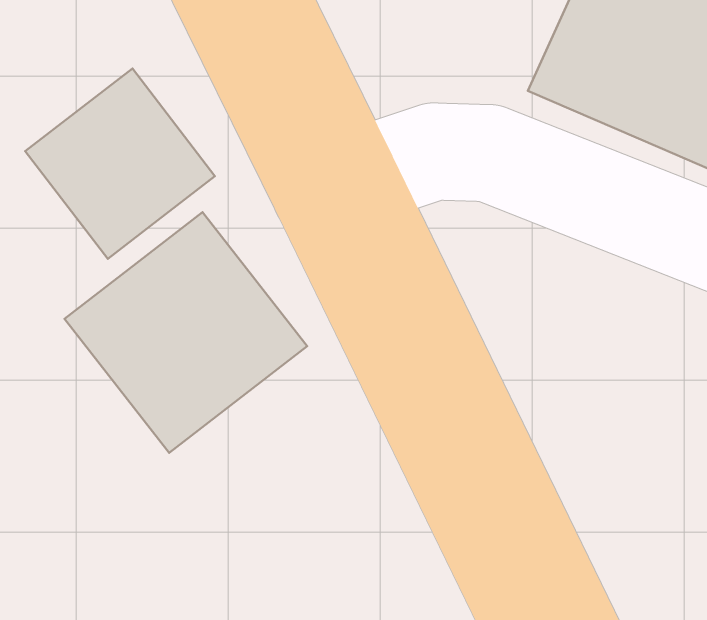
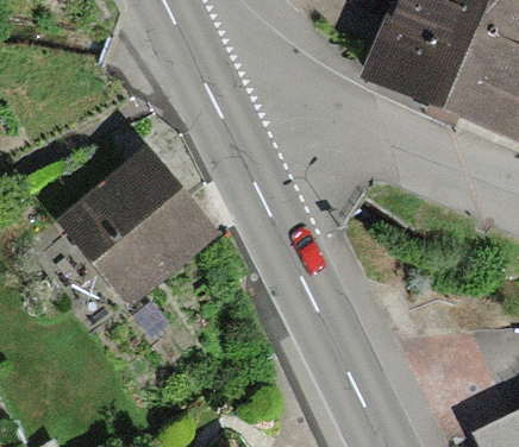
building: [25,68,215,259] -> none

